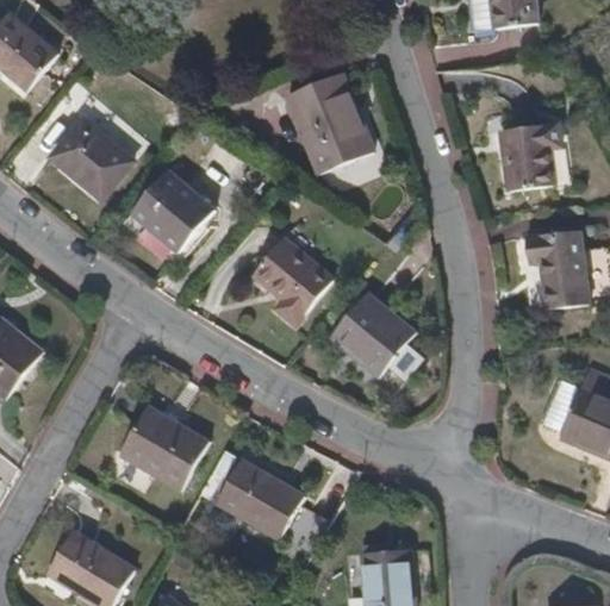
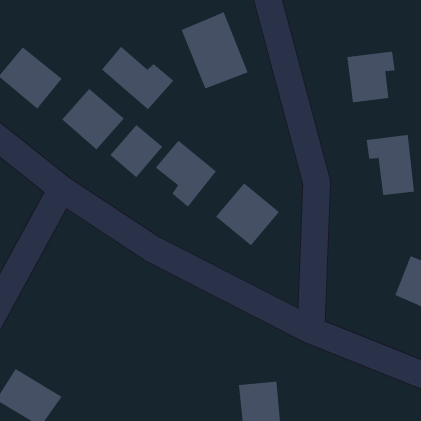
building: none -> [101,46,174,110]
building: none -> [109,124,163,178]
building: [119,407,208,489] -> none
building: [216,460,304,537] -> none

